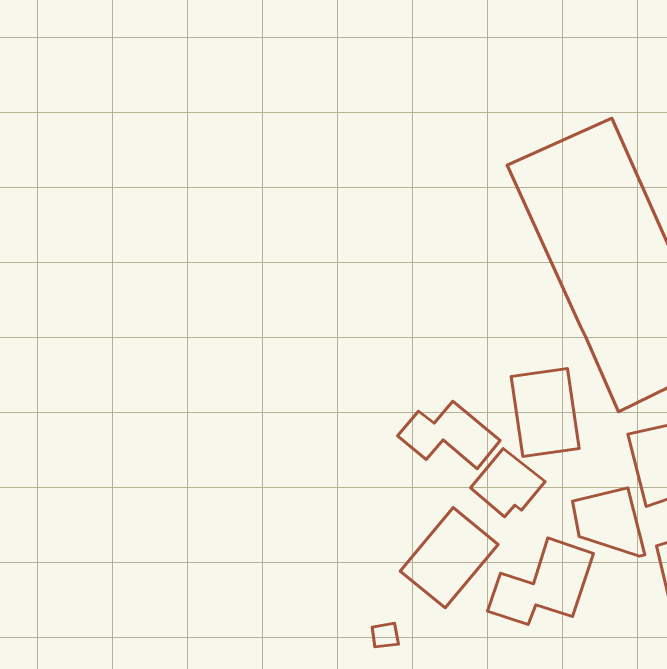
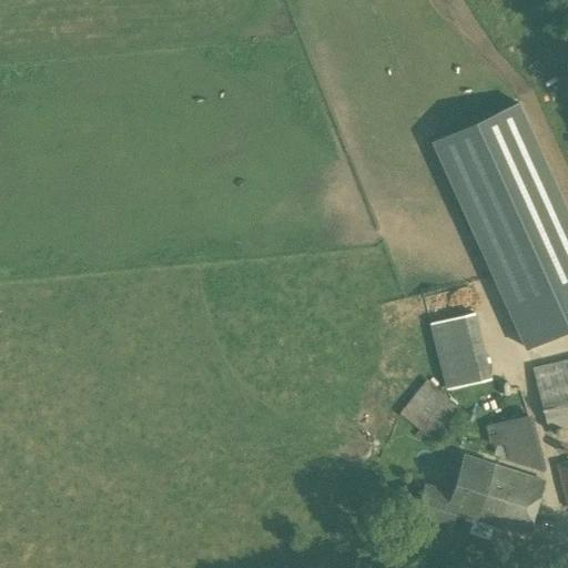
building: [398,401,500,469] -> none
building: [400,508,498,608] -> none
building: none -> [487,468,545,535]

